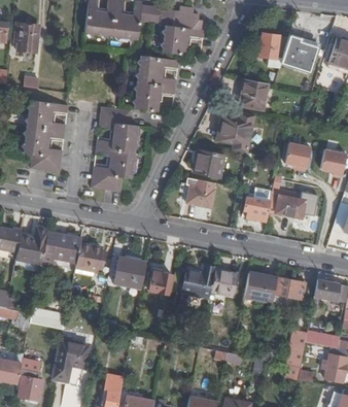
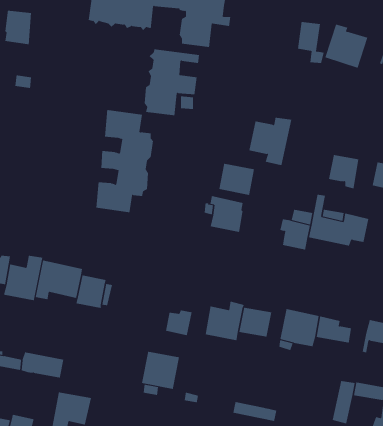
building: [240,78,268,109] -> none
building: [21,100,68,172] -> none
building: [114,257,146,289] -> [141,351,180,390]

